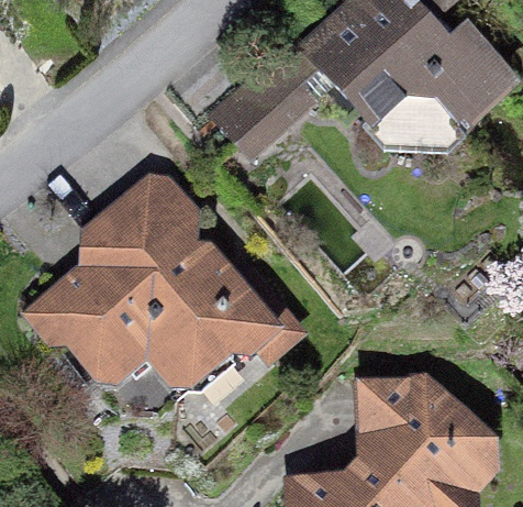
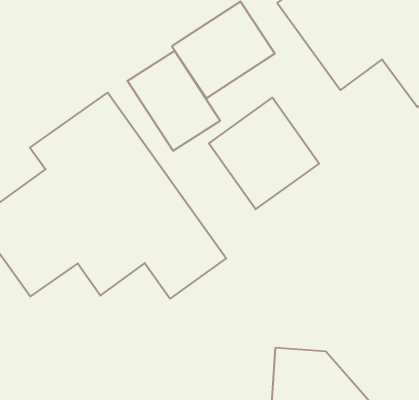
building: none -> [127,51,220,151]
building: none -> [209,98,319,209]

